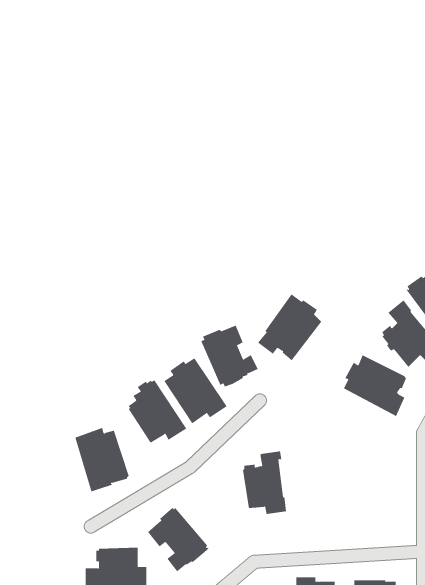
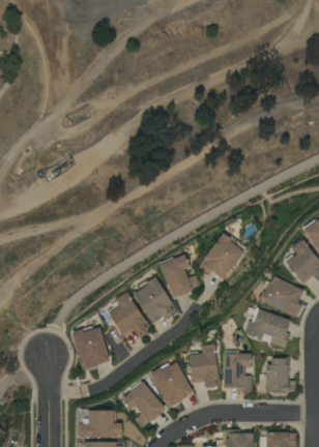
building: none -> [249,307,290,349]
building: none -> [223,352,251,392]
building: none -> [264,358,295,393]
building: none -> [148,362,192,409]

